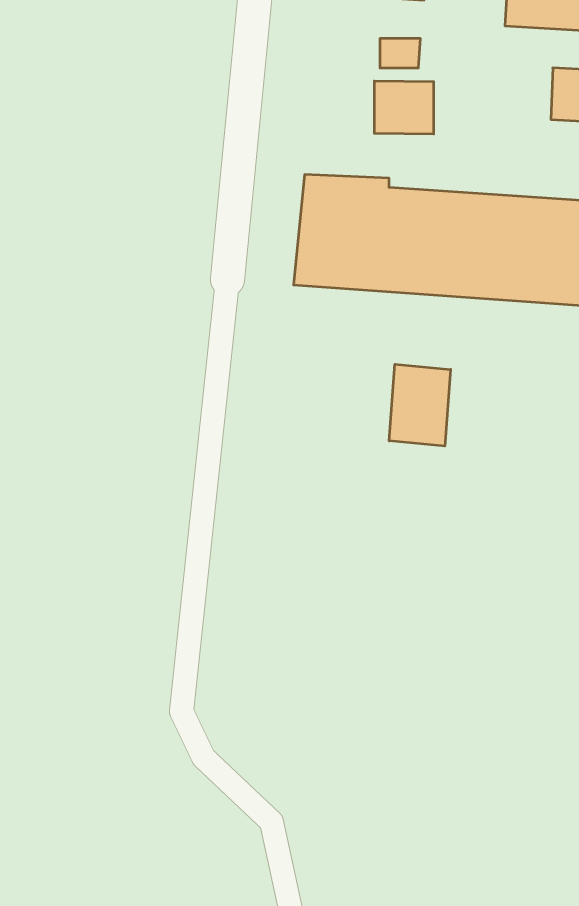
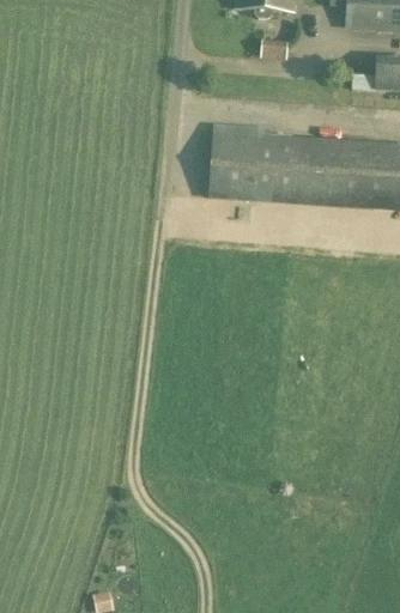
building: [374,81,434,134] -> none
building: [389,364,451,446] -> none

